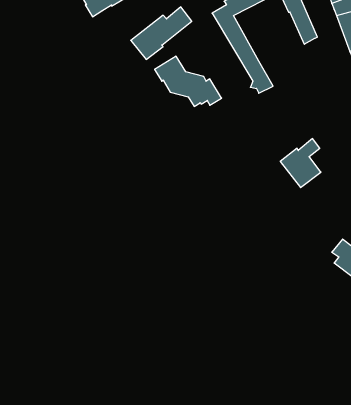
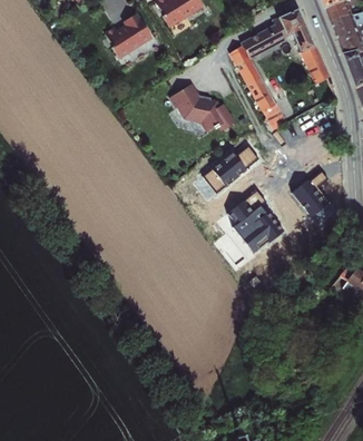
building: [131,7,192,59] -> [202,145,258,194]
building: none -> [227,189,284,253]

